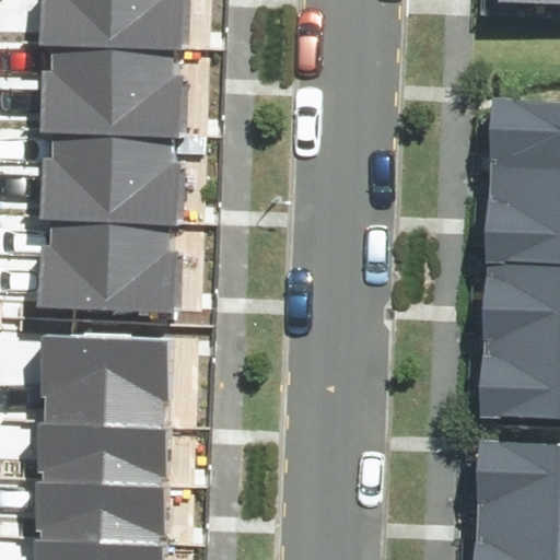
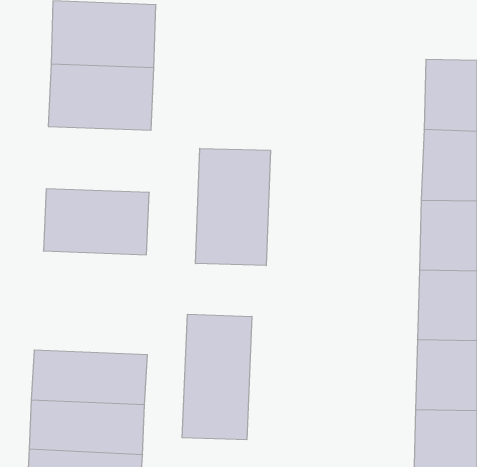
building: [54,164,175,241] -> none
building: none -> [196,148,270,266]
building: [39,329,174,429] -> none
building: none -> [182,314,252,440]

